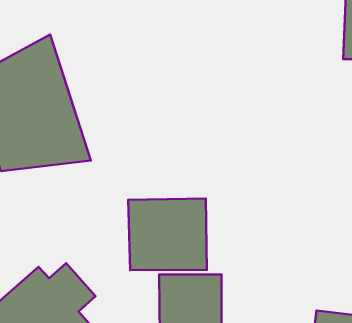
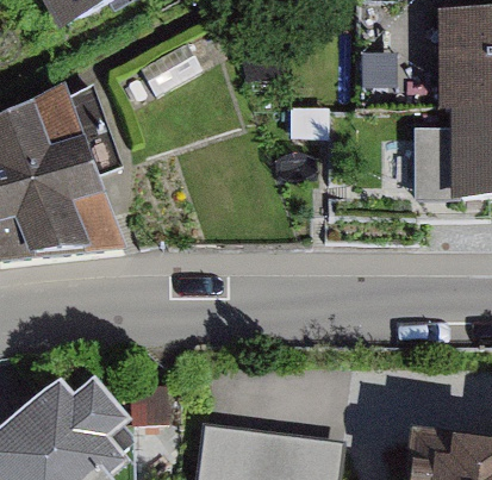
building: [128,199,207,270] -> none

